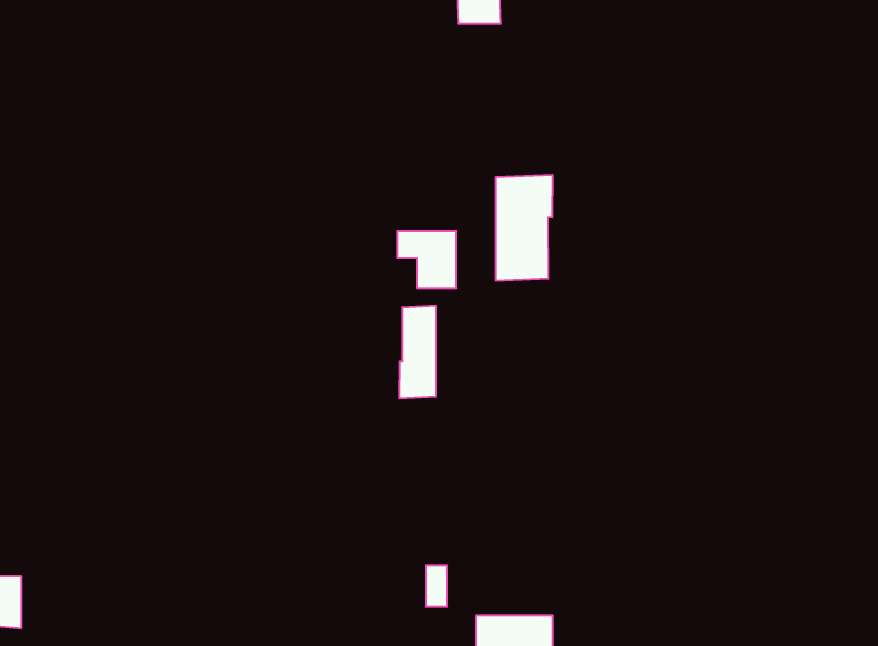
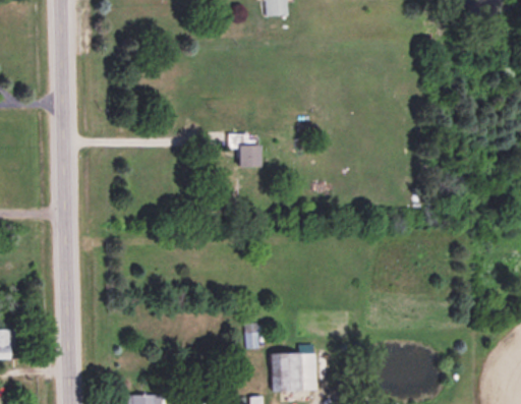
building: [496,175,553,281] -> none
building: [400,306,436,398] -> none

